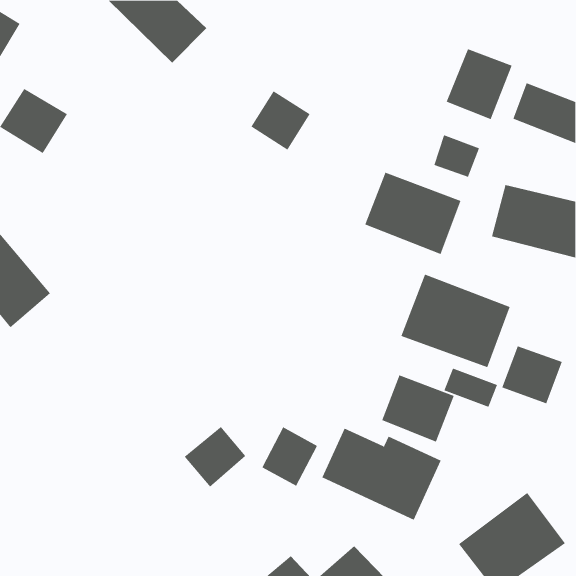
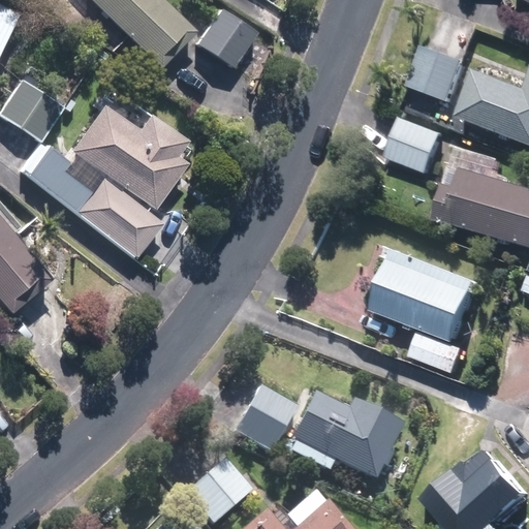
building: [251,90,311,150] -> [200,13,255,68]
building: none -> [28,107,188,255]
building: [365,172,461,255] -> none
building: [502,345,562,404] -> none
building: [382,374,454,442] -> none
building: [184,426,246,487] -> [189,463,246,519]

